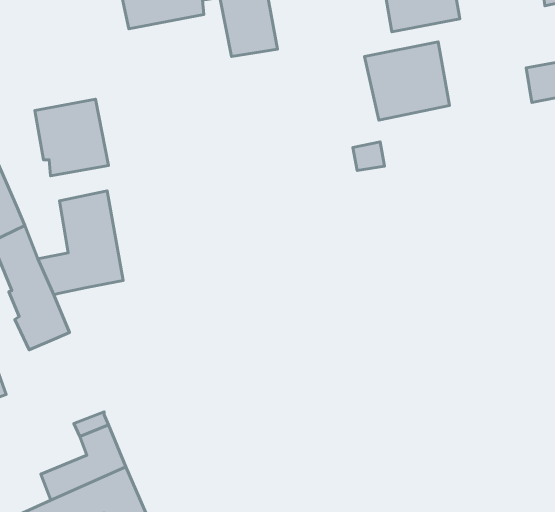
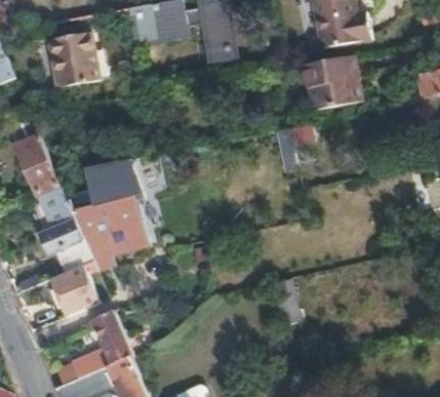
building: [35,99,108,176] -> [46,29,98,83]
building: none -> [83,229,147,256]
building: none -> [48,265,102,319]

